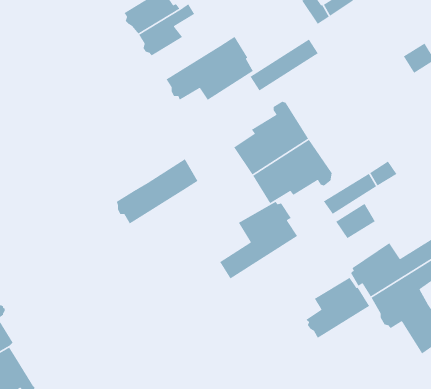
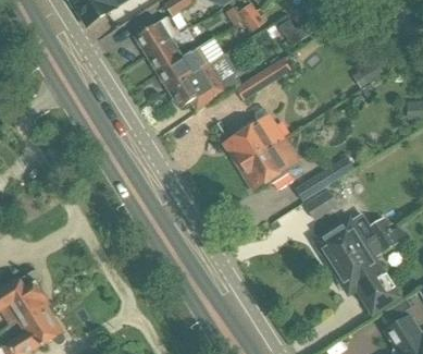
building: [116,158,199,224] -> [158,37,224,90]
building: [219,201,298,280] -> none
building: [306,277,370,339] -> none

